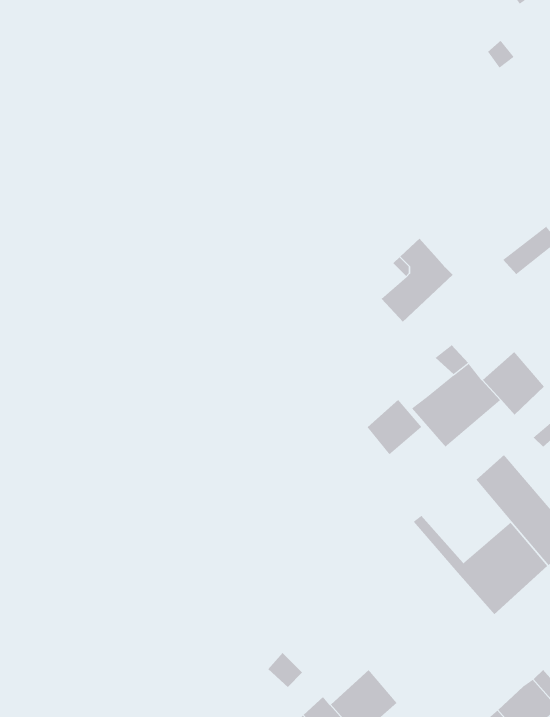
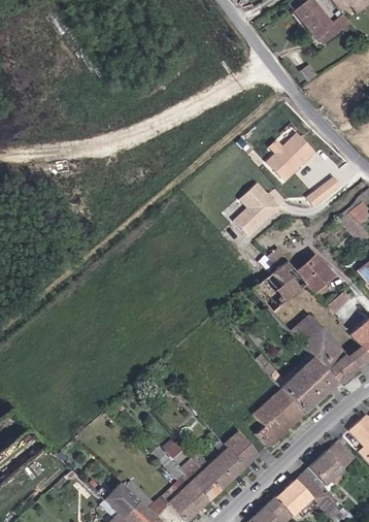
building: none -> [269,135,317,182]
building: [367,399,422,455] -> none
building: none -> [253,388,303,446]
building: none -> [225,430,259,467]

